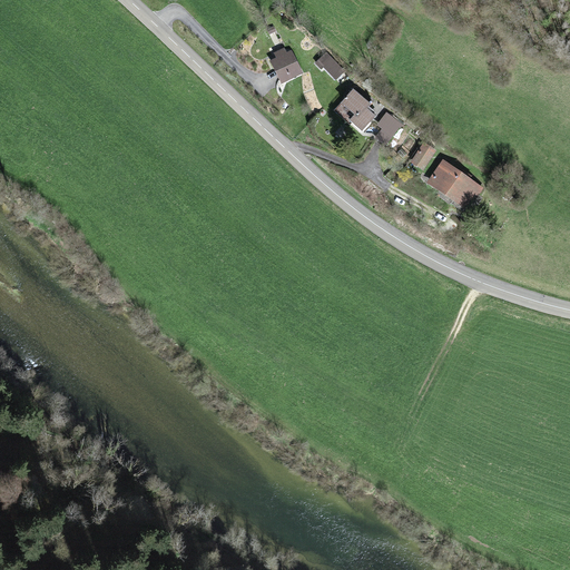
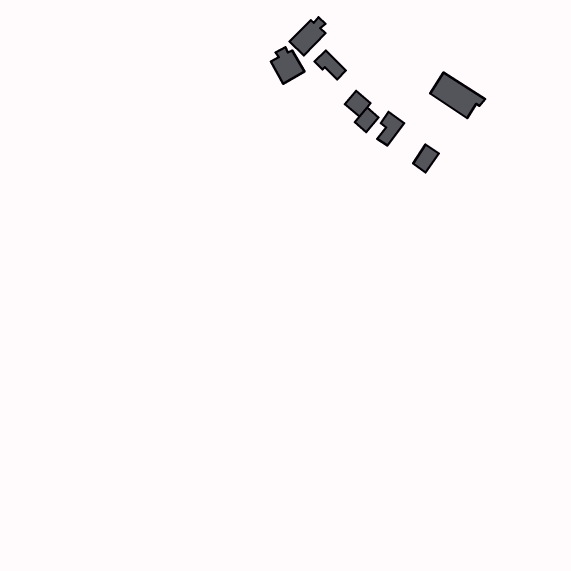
building: none -> [290,17,325,56]
building: [429,160,483,206] -> [430,72,485,118]

